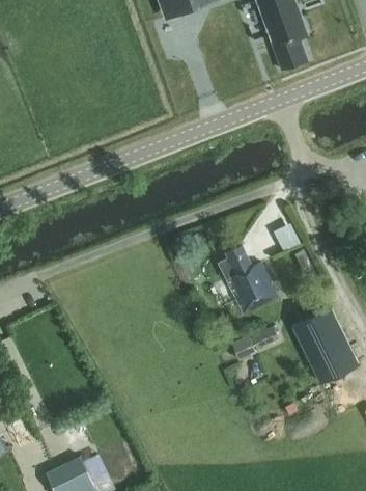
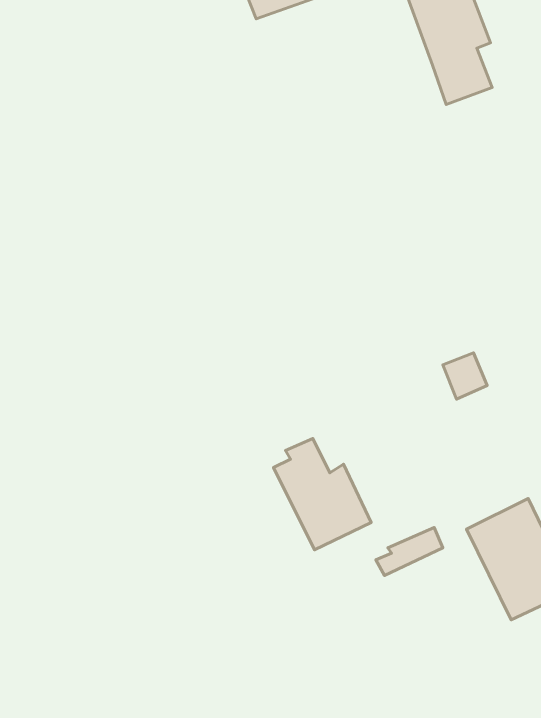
building: [219,246,278,313] -> [274,438,371,550]

